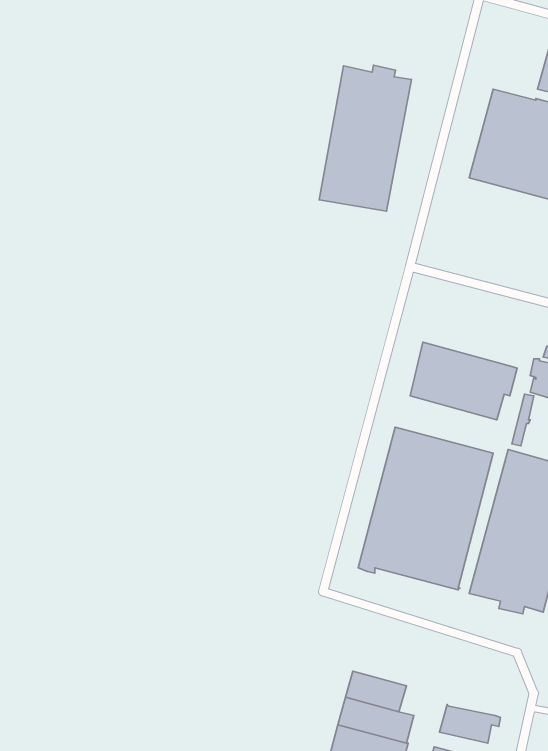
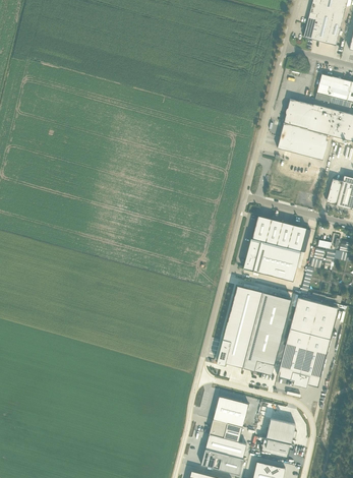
building: [319,65,412,211] -> none
building: none -> [252,215,307,251]
building: none -> [214,396,249,427]
building: none -> [267,418,297,443]

